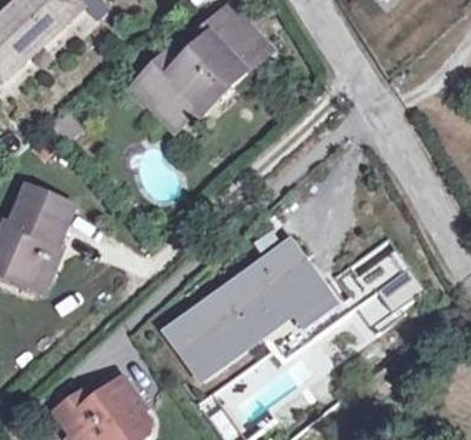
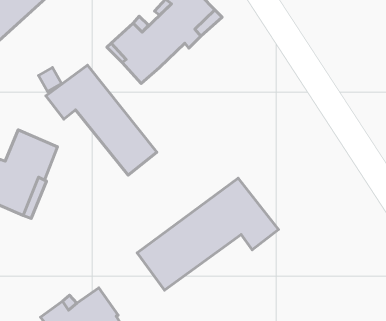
building: none -> [46,65,157,175]

